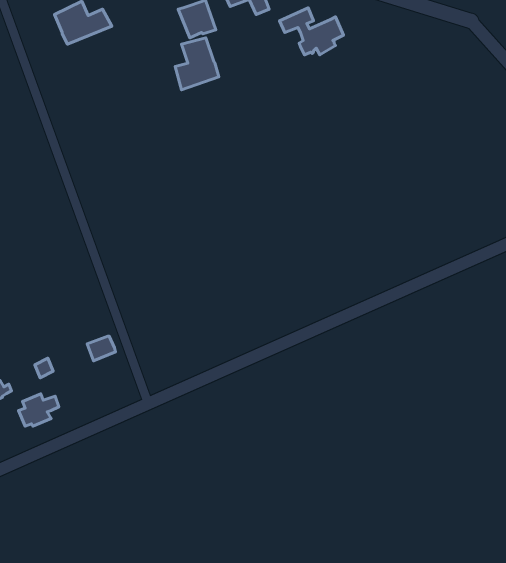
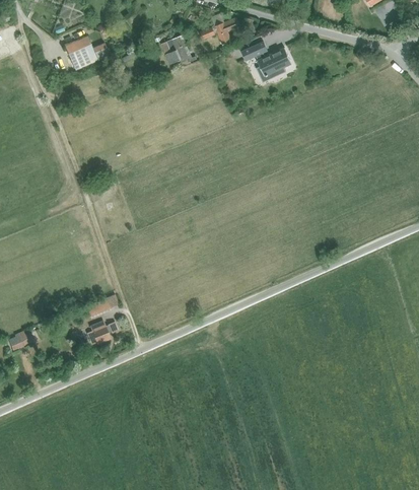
building: [175,38,219,90] -> none
building: [19,394,59,426] -> [85,319,117,344]

